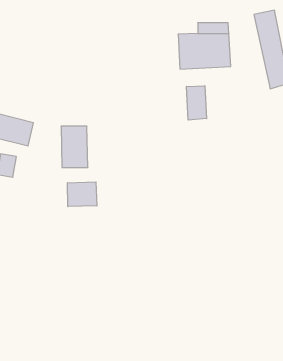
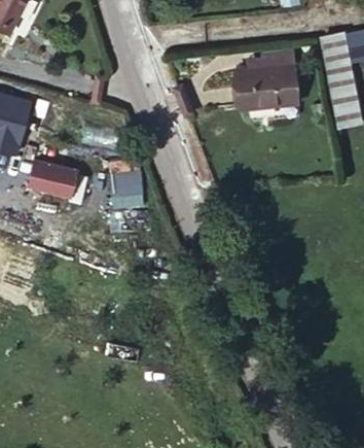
building: [186,86,207,120] -> none
building: [68,182,97,207] -> none

